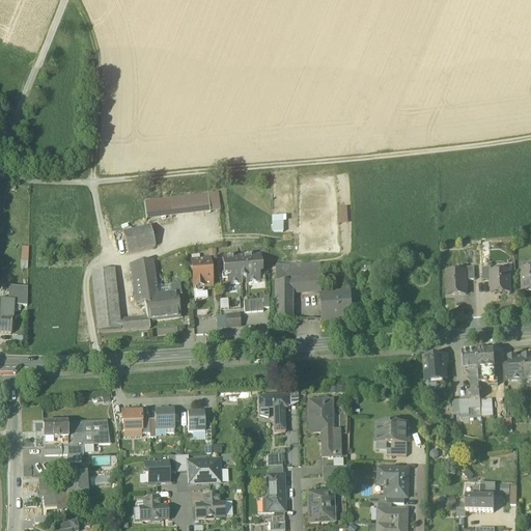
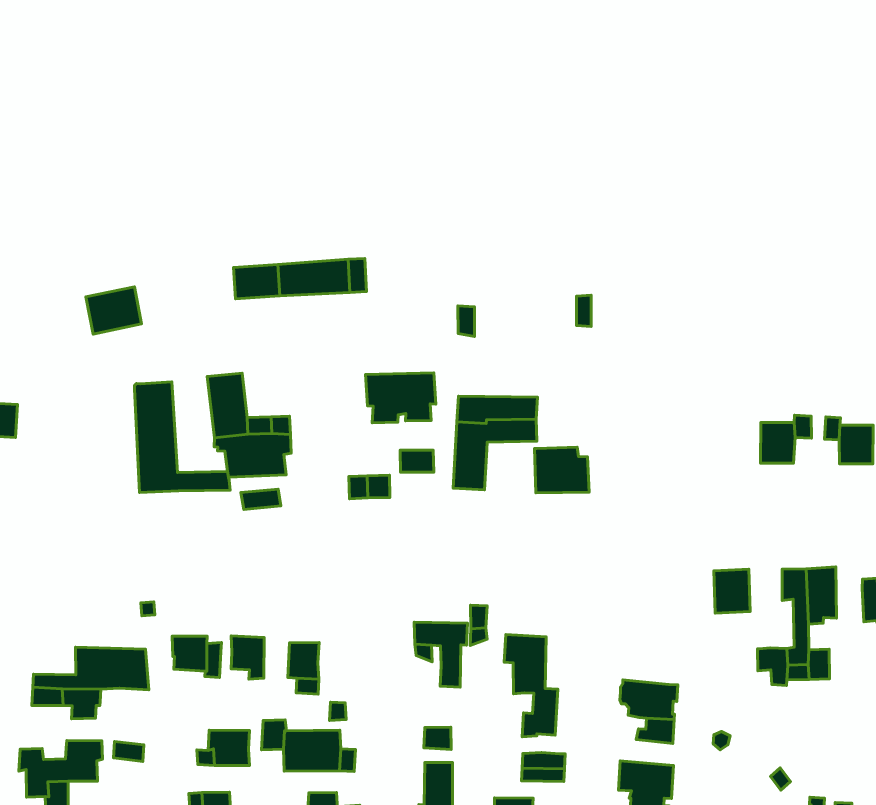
building: [123,223,156,251] -> [86,287,142,334]
building: [191,257,212,290] -> none
building: [41,419,68,436] -> none

